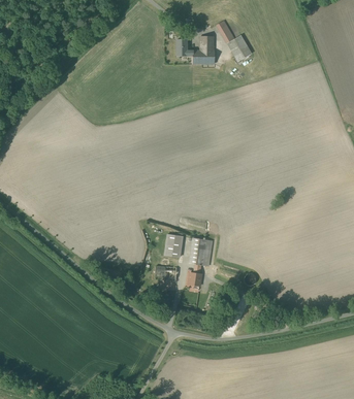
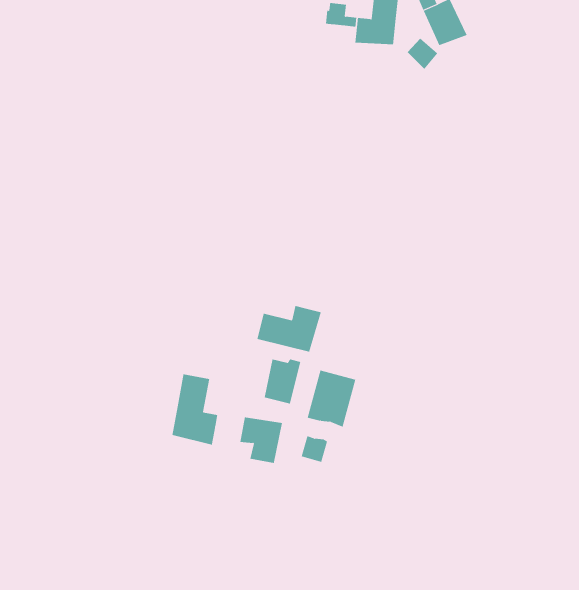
building: none -> [257,305,322,353]
building: none -> [172,374,218,445]

